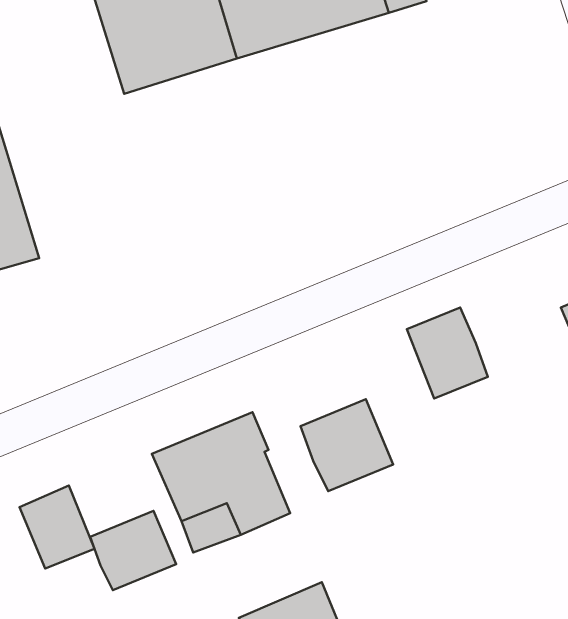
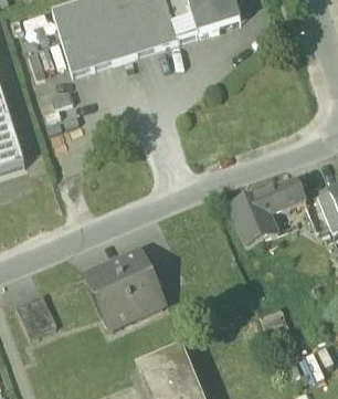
building: none -> [260,178,305,212]
building: [301,399,393,491] -> none
building: [90,511,176,590] -> none

